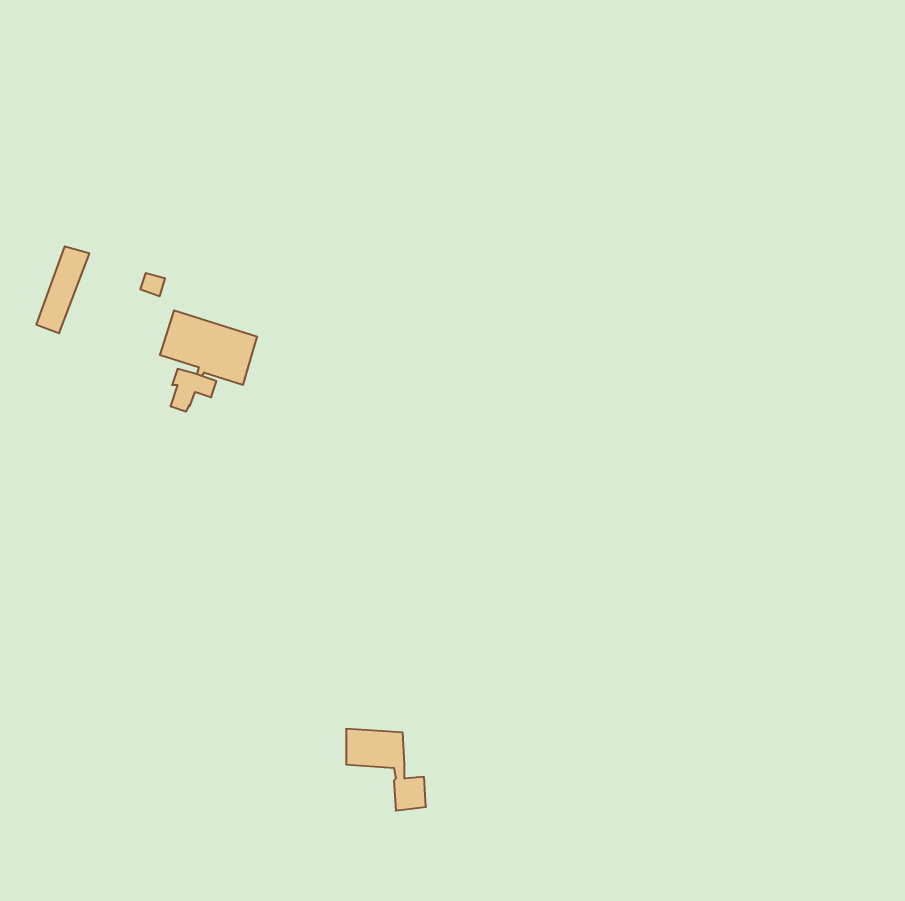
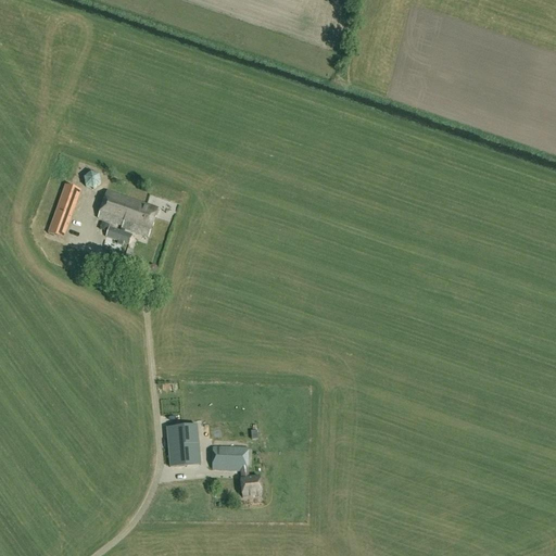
building: [36,246,89,333] -> [48,184,80,237]
building: none -> [166,424,199,465]

